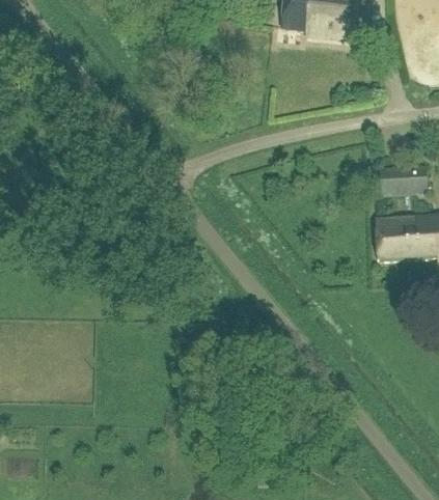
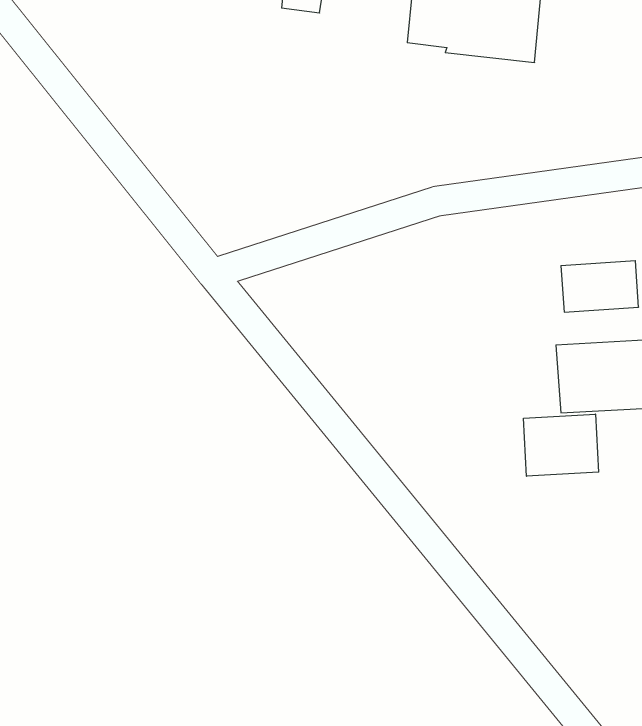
building: none -> [524,414,599,476]

